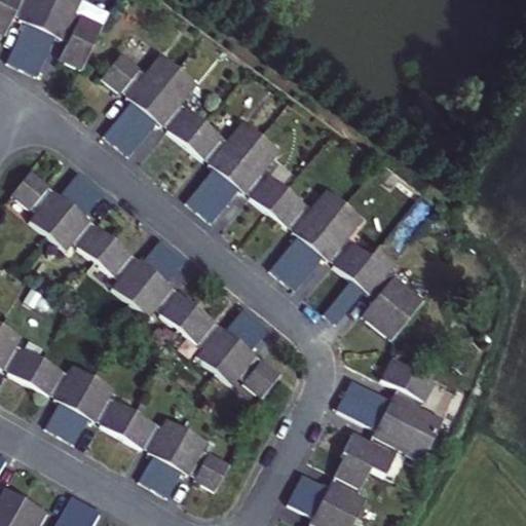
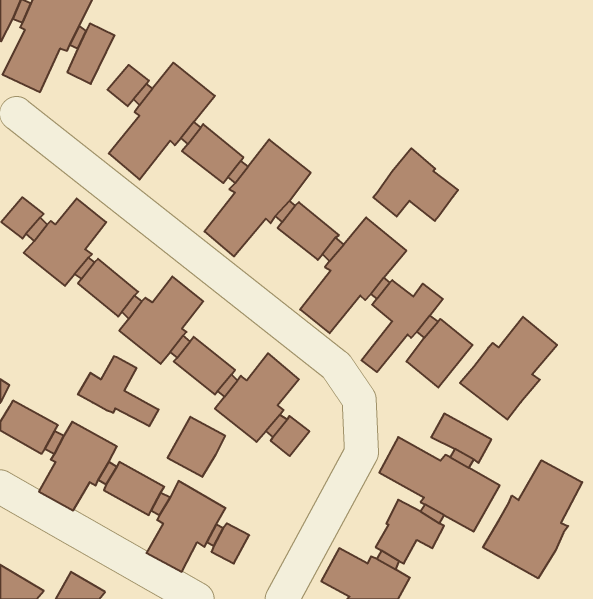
building: none -> [373,148,458,221]
building: none -> [460,317,557,420]
building: none -> [78,356,159,426]
building: none -> [168,417,225,477]
building: none -> [483,460,582,578]

